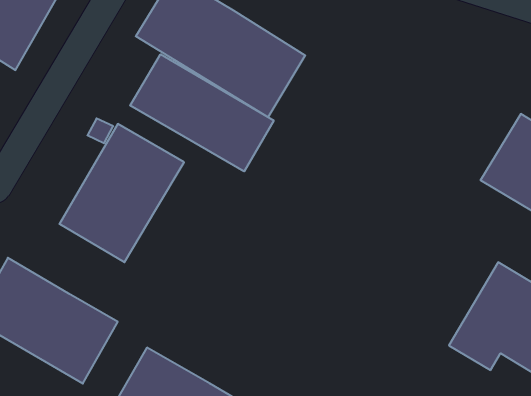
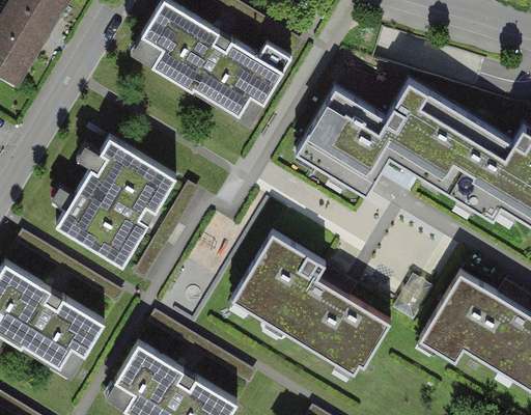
building: [130,54,274,171] -> none
building: none -> [298,84,483,192]
building: none -> [231,232,390,376]

